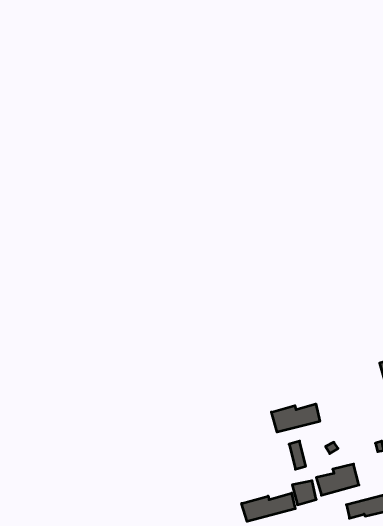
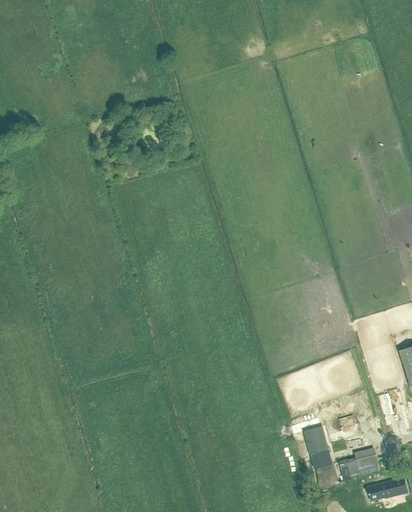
building: [271,404,320,432] -> none
building: [242,493,295,521] -> none

